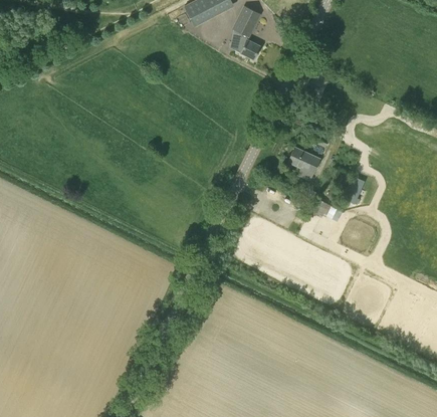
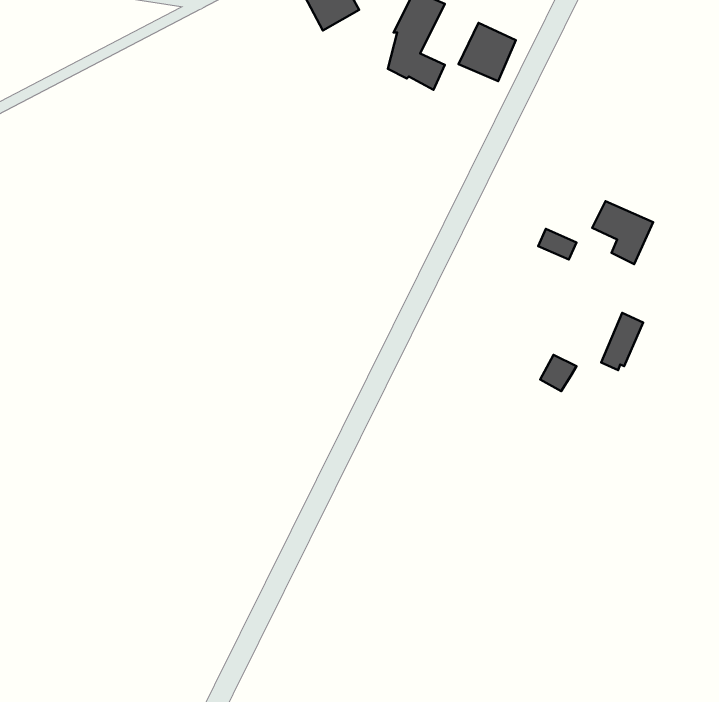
building: none -> [459,23,516,81]
building: [289,147,321,180] -> [592,201,653,264]

